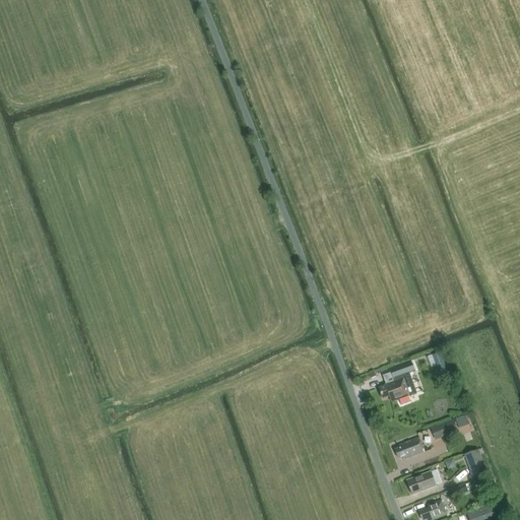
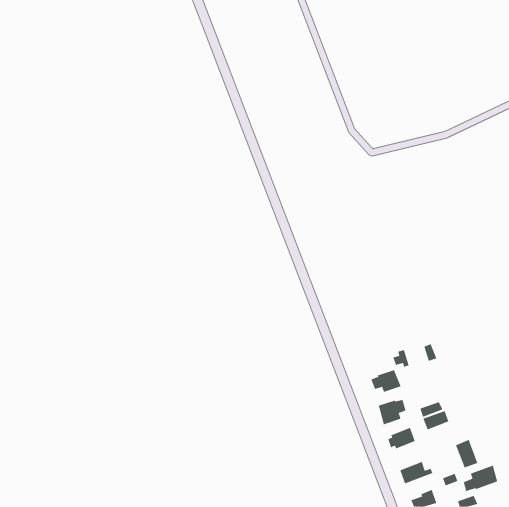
building: none -> [378,399,406,425]
building: none -> [463,465,498,492]

